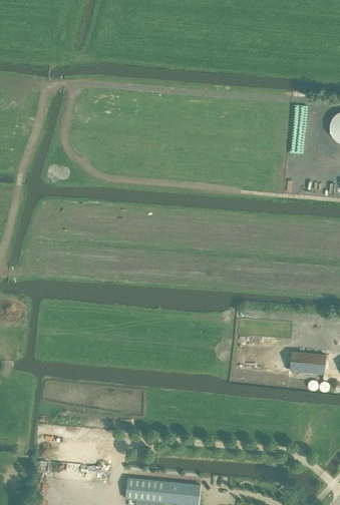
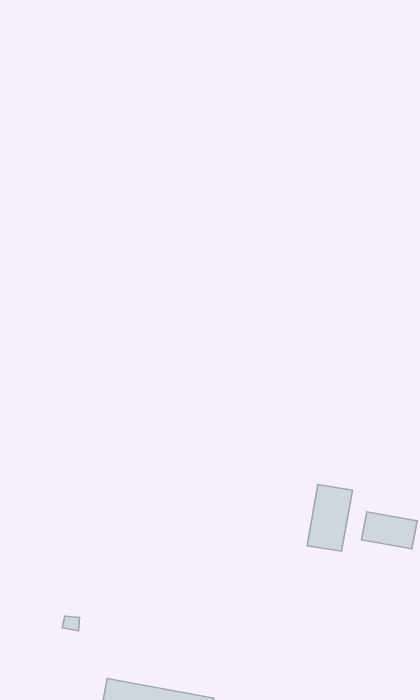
building: none -> [307,485,353,551]

